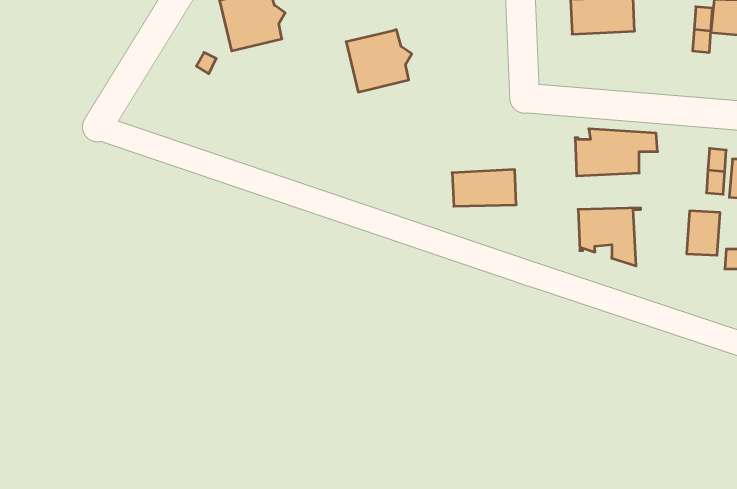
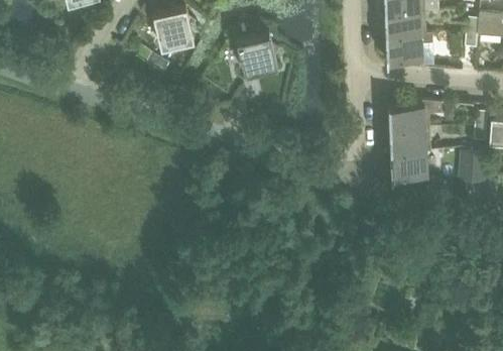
building: none -> [386,35,433,68]
building: [452,170,516,206] -> [389,129,431,153]

